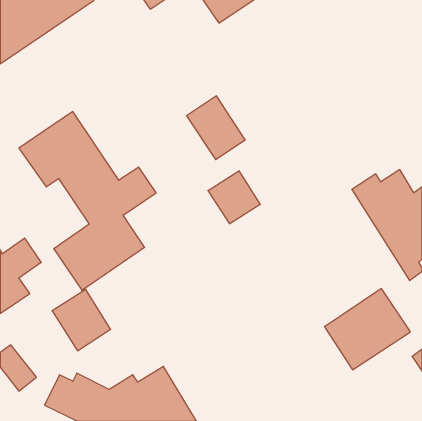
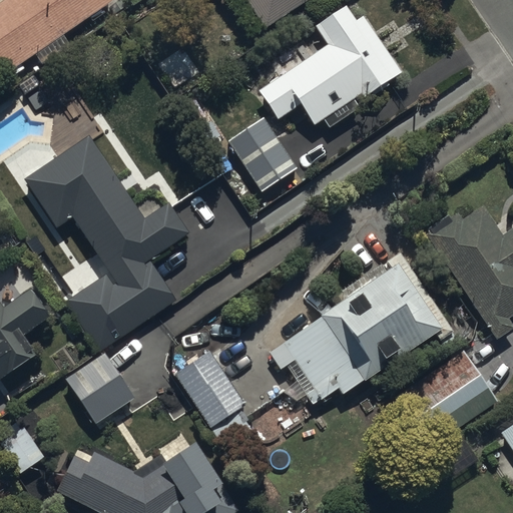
building: none -> [259,7,399,127]
building: [208,171,260,224] -> none
building: none -> [269,253,462,405]
building: none -> [173,349,246,428]

